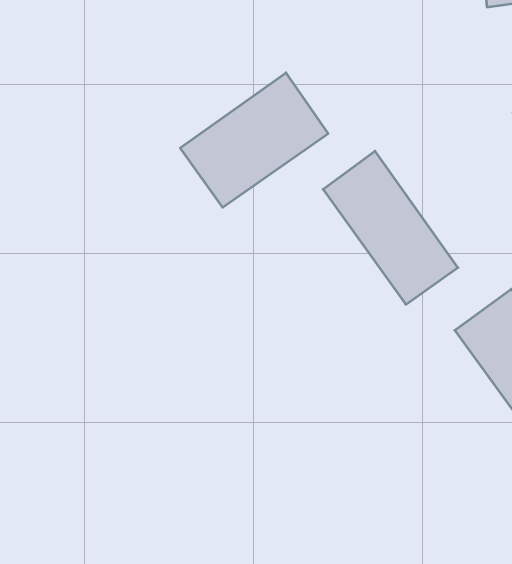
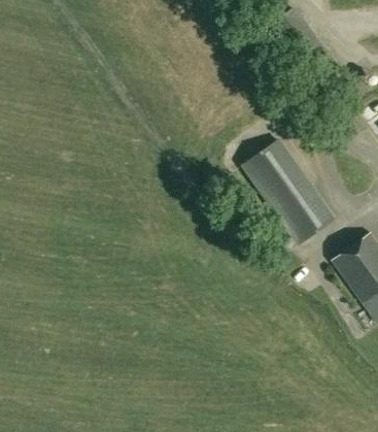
building: [180,73,328,207] -> none

